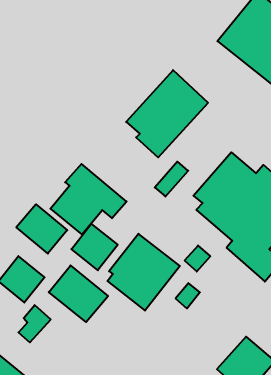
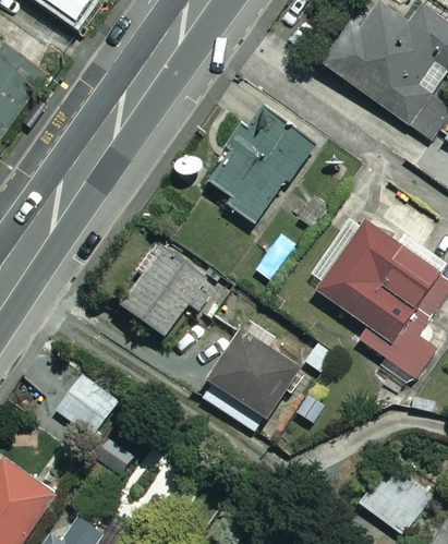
building: [16,204,67,254] -> none
building: [71,224,118,270] -> none
building: [49,265,108,322] -> none

